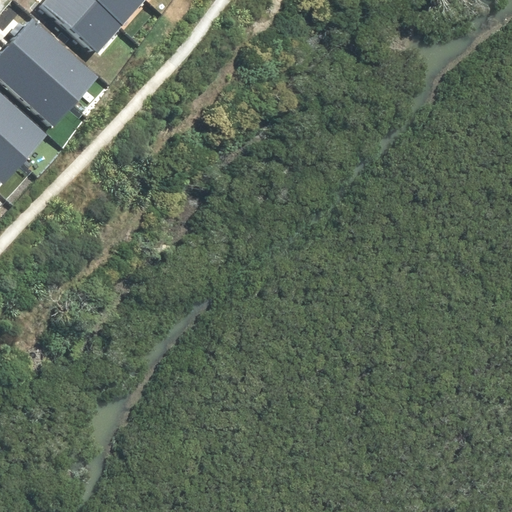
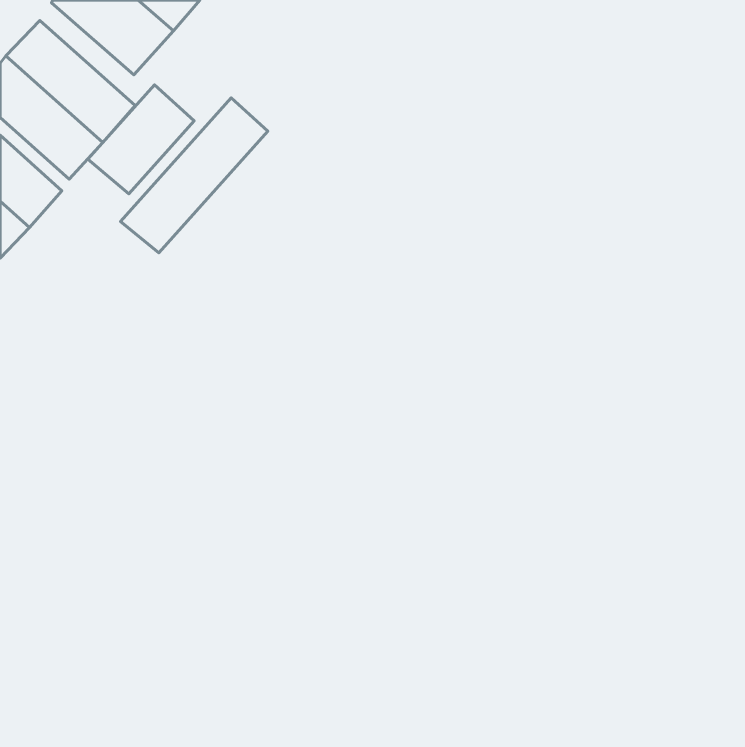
building: none -> [88,85,194,194]
building: none -> [120,98,268,253]

